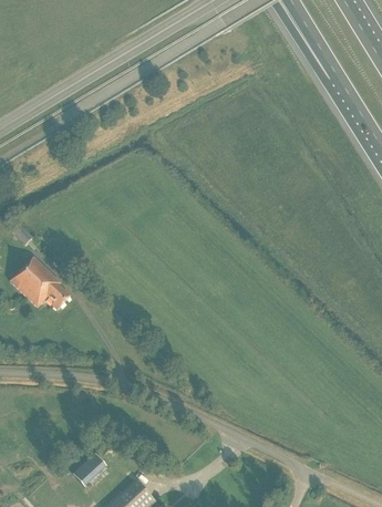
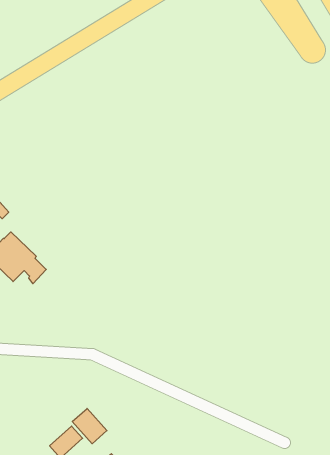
building: none -> [72,408,107,444]

